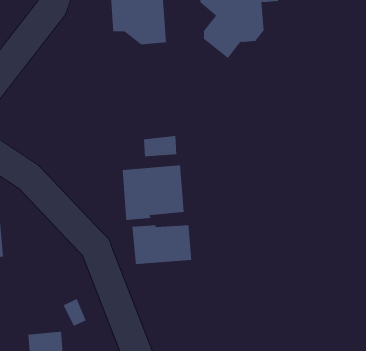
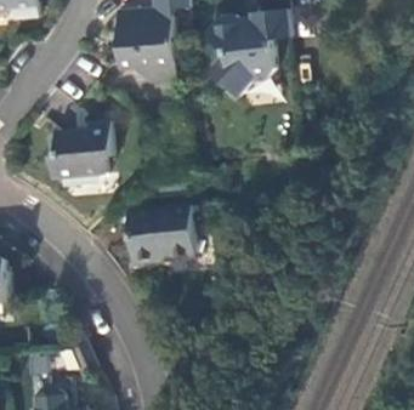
building: none -> [51,120,112,177]
building: [132,224,192,265] -> none

